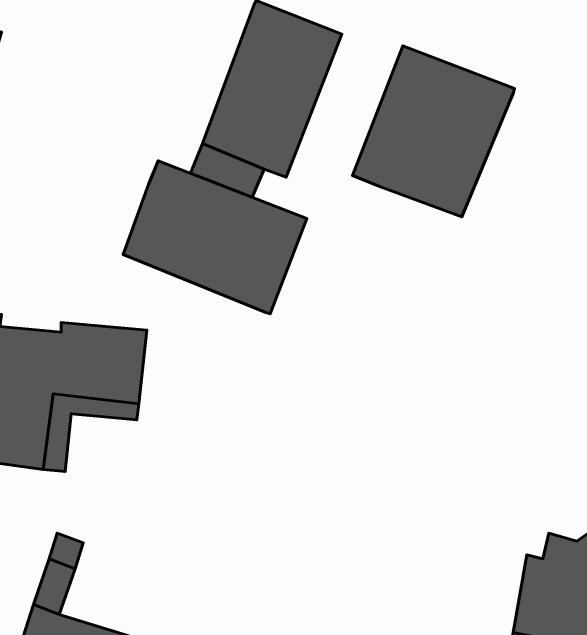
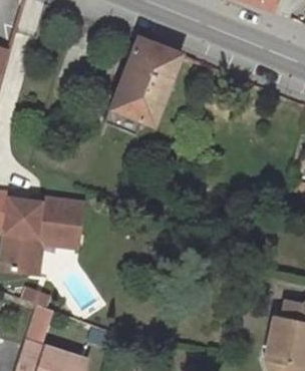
building: [352,46,514,217] -> none
building: [123,161,307,314] -> none

